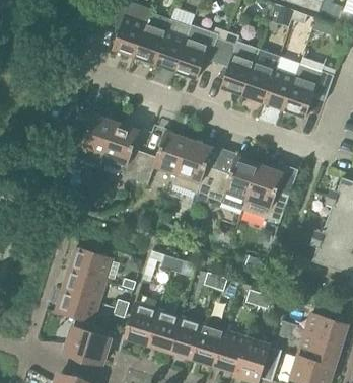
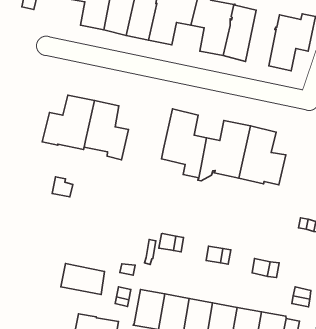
building: [264,56,301,109] -> none
building: [136,130,190,183] -> none
building: [71,248,114,282] -> none
building: [58,291,100,323] -> none

